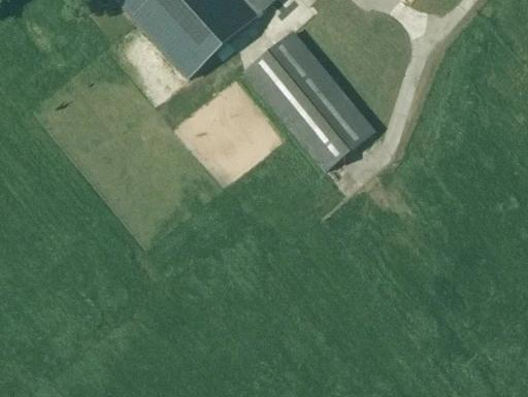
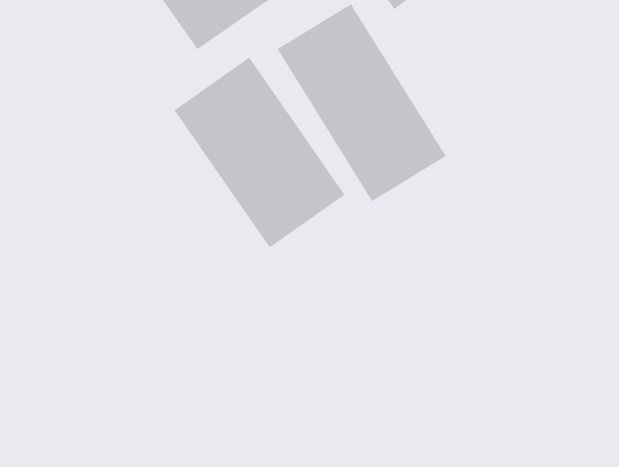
building: none -> [174,57,345,249]

